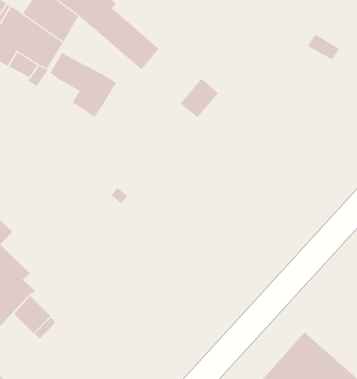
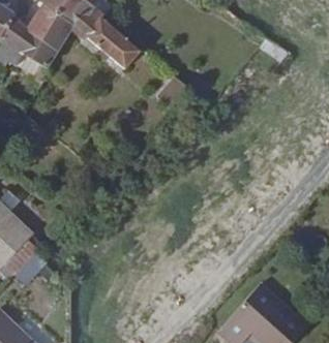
building: [50,53,117,118] -> none

